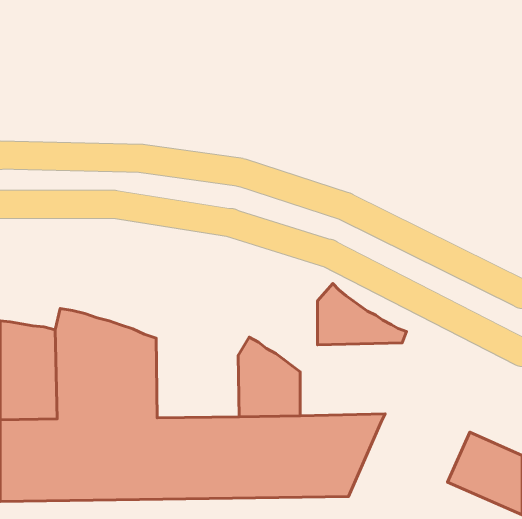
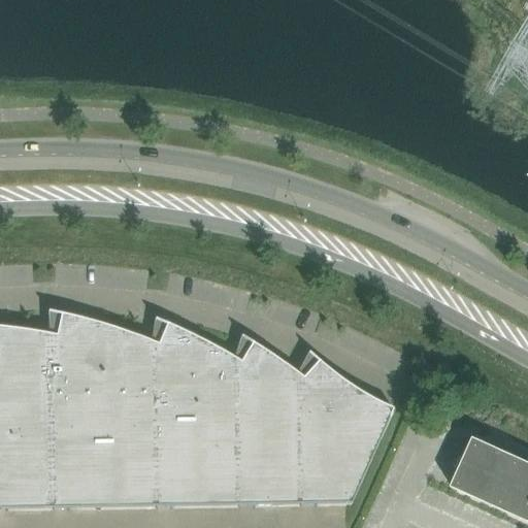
building: [318,284,406,345] -> [303,358,393,420]
building: none -> [158,321,241,422]

